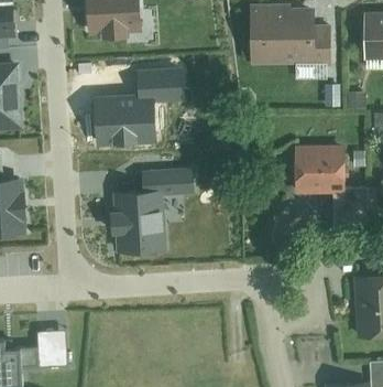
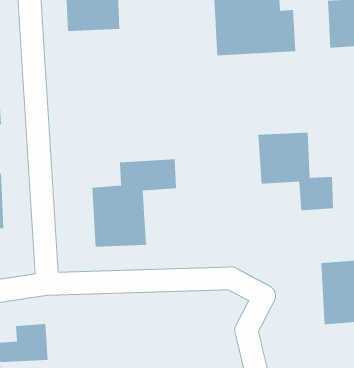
building: [90,71,184,153] -> none

